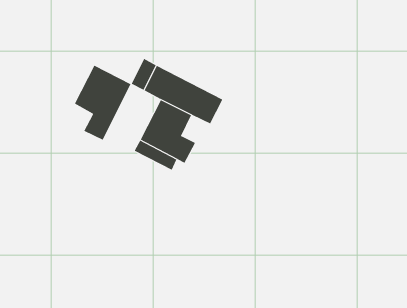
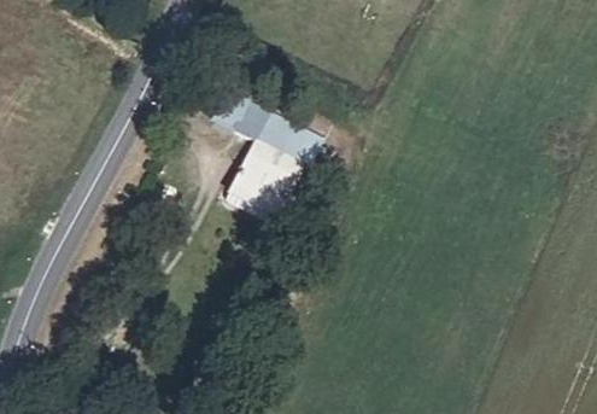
building: [74,65,131,141] -> none

